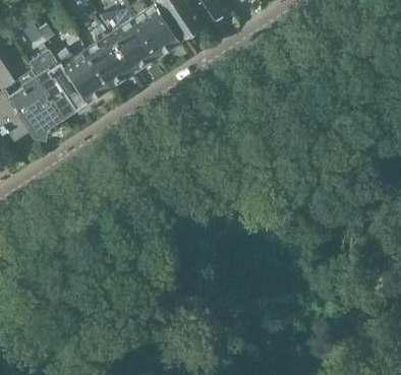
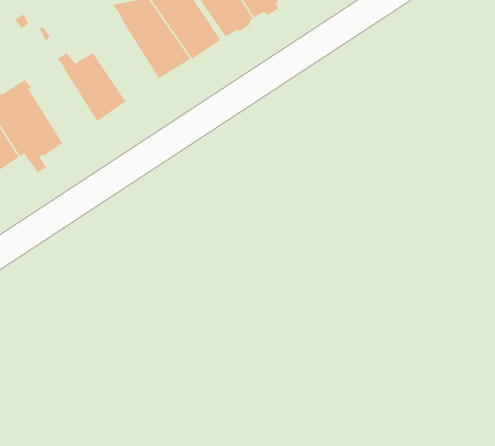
building: [85,23,134,86] -> none
building: [32,50,88,118] -> none

